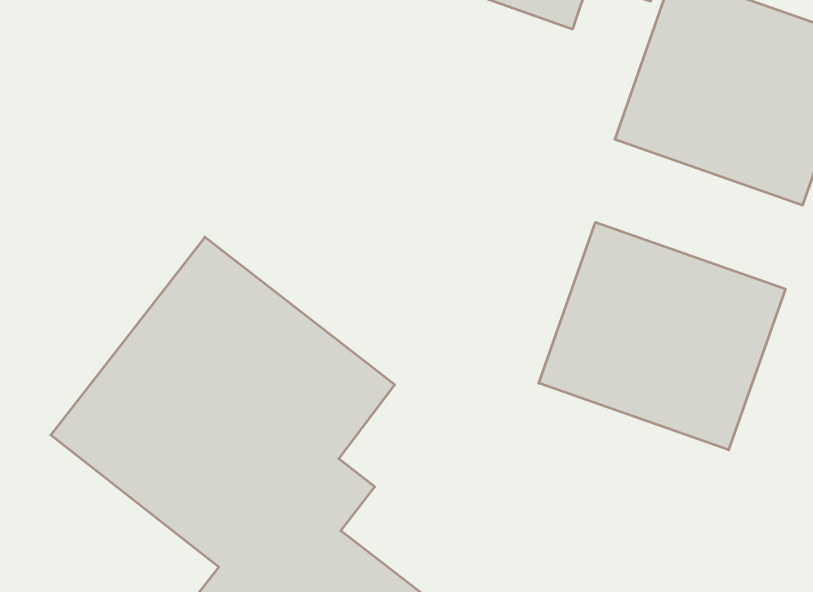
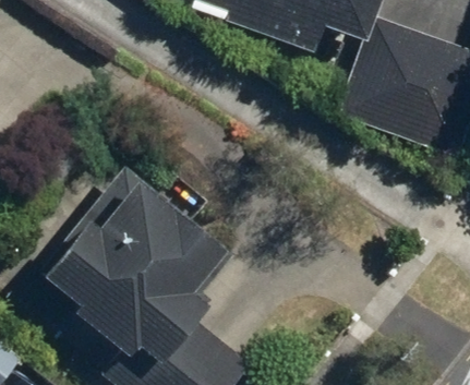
building: [539,222,785,450] -> none

